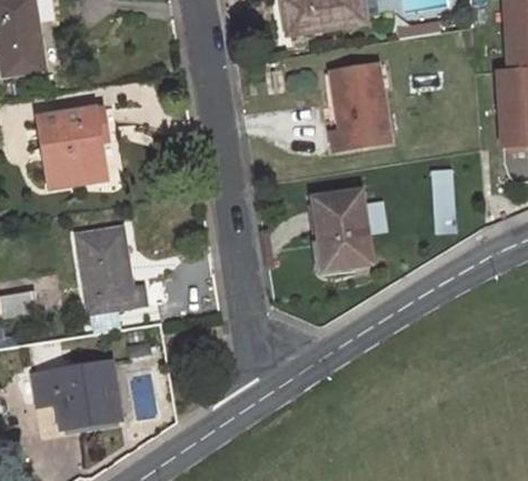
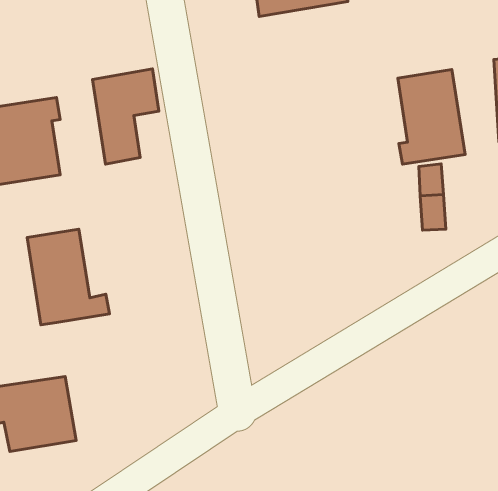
building: [329,63,390,149] -> [398,70,465,164]
building: none -> [92,69,159,164]
building: [313,189,370,269] -> none

